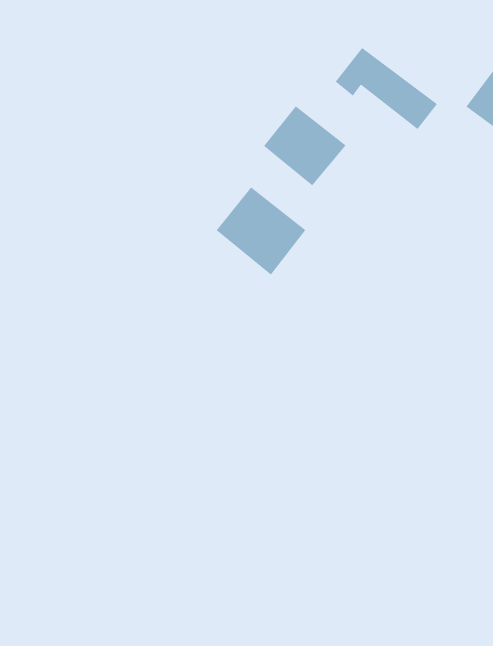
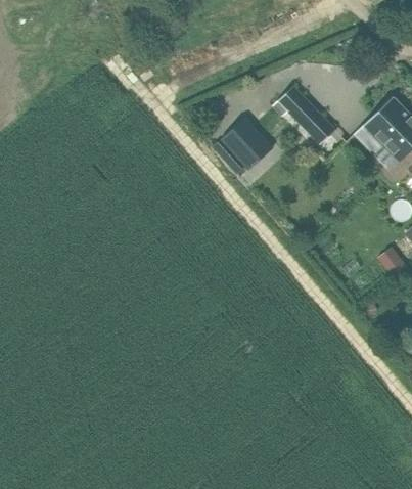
building: [216,186,306,276] -> none

